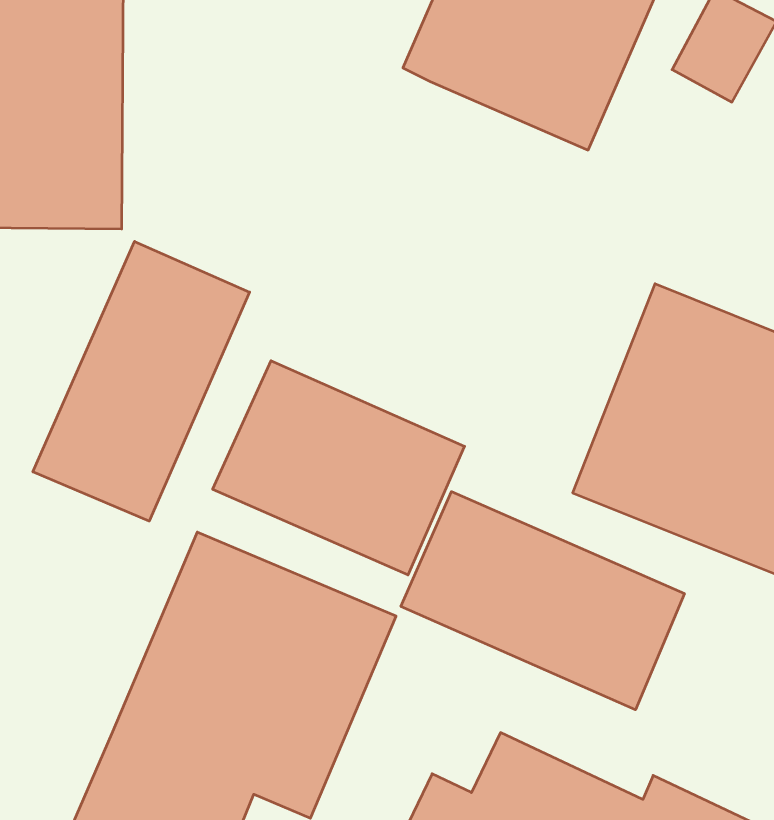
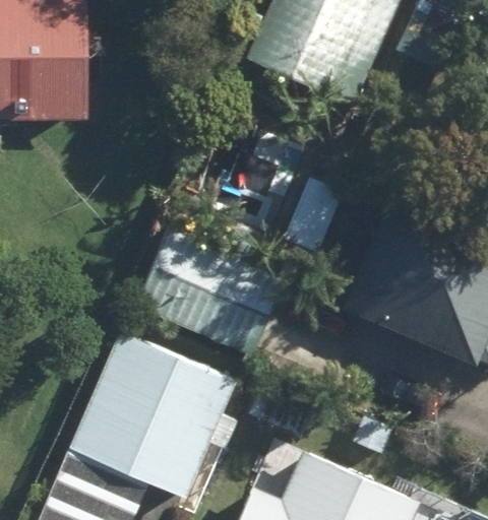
building: [33,241,250,521] -> none
building: [401,492,684,710] -> none

